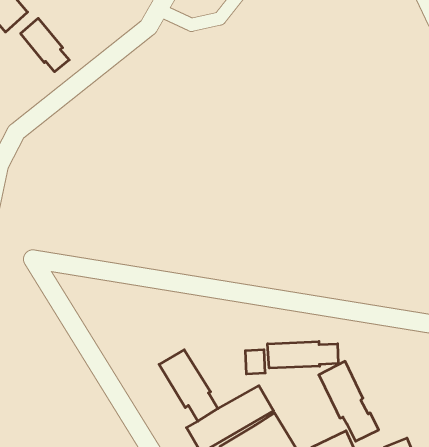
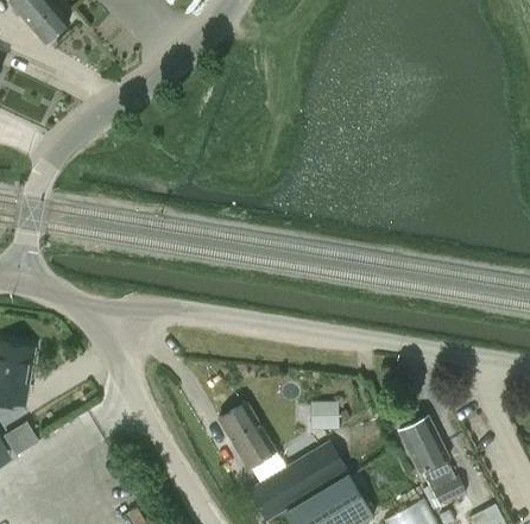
building: [21,18,69,72] -> none
building: [268,341,338,368] -> none

